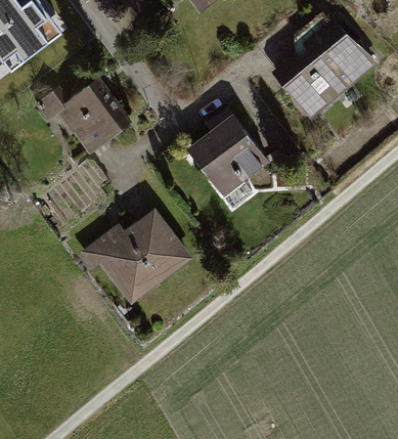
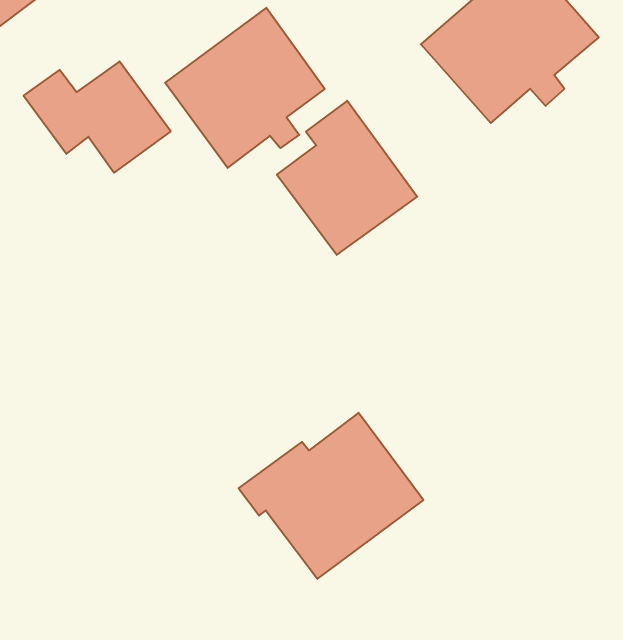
building: none -> [165,8,325,168]
building: [82,208,192,307] -> [239,413,423,579]

